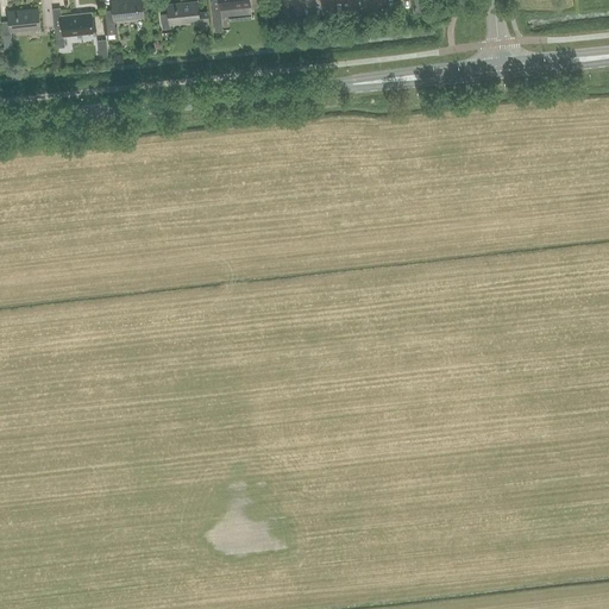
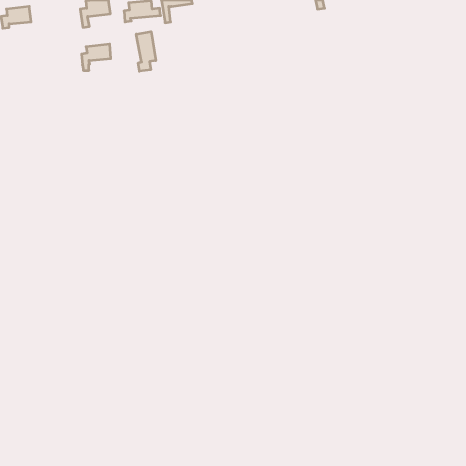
building: [55,13,93,48] -> [82,44,111,70]
building: none -> [136,32,156,71]

